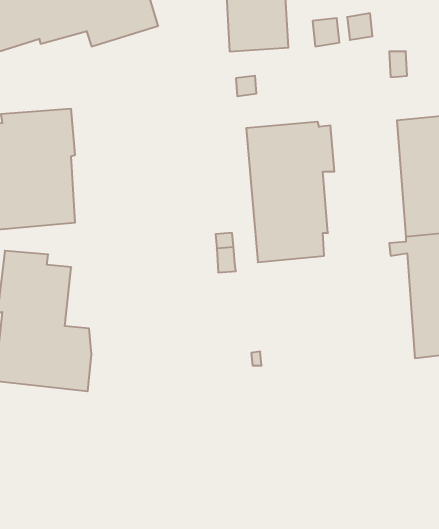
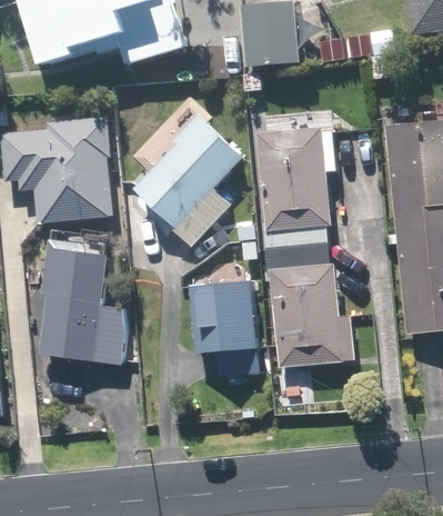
building: none -> [133,113,242,241]
building: none -> [269,245,352,367]
building: none -> [191,281,258,376]

